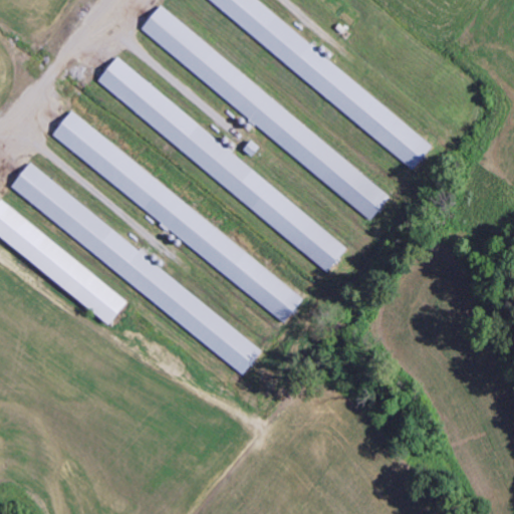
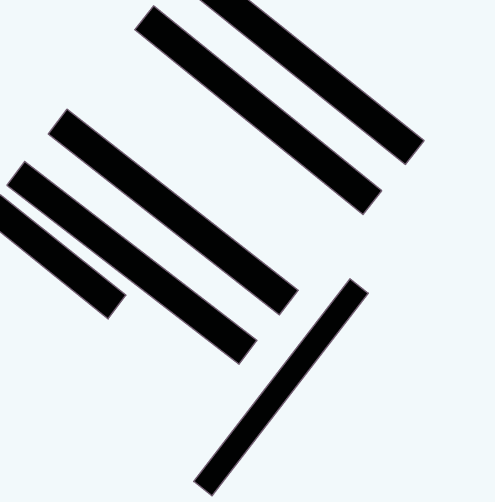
building: [91,60,349,268] -> none
building: none -> [194,279,368,496]

